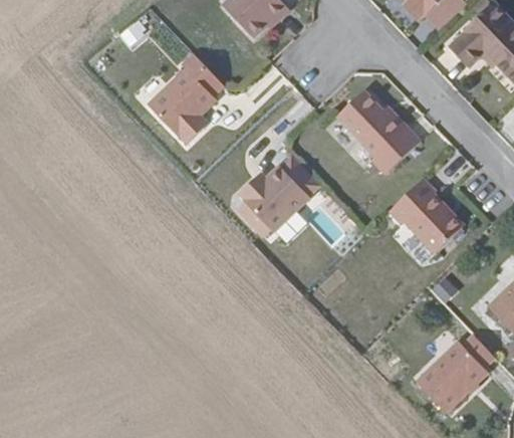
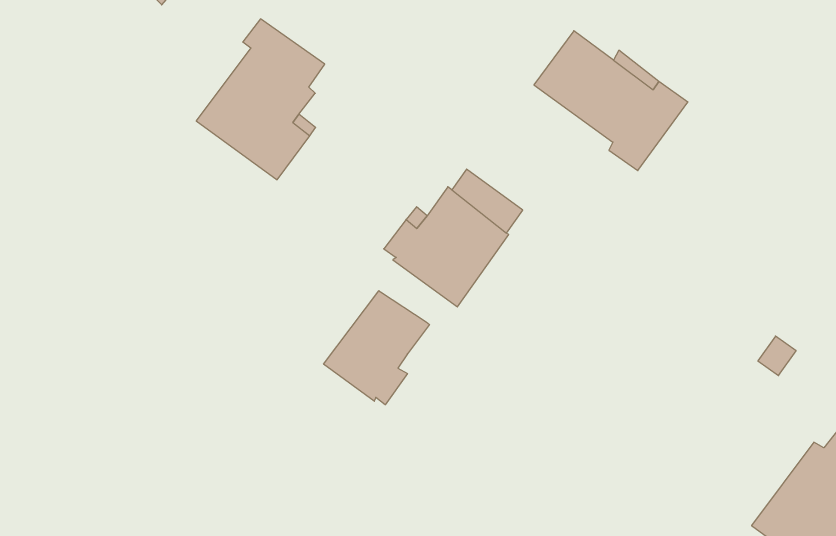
building: [390,178,463,253] -> none
building: none -> [324,291,429,405]

